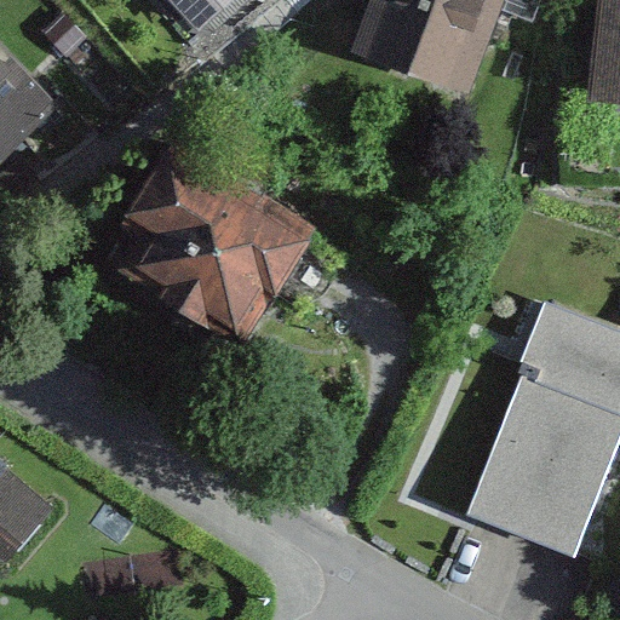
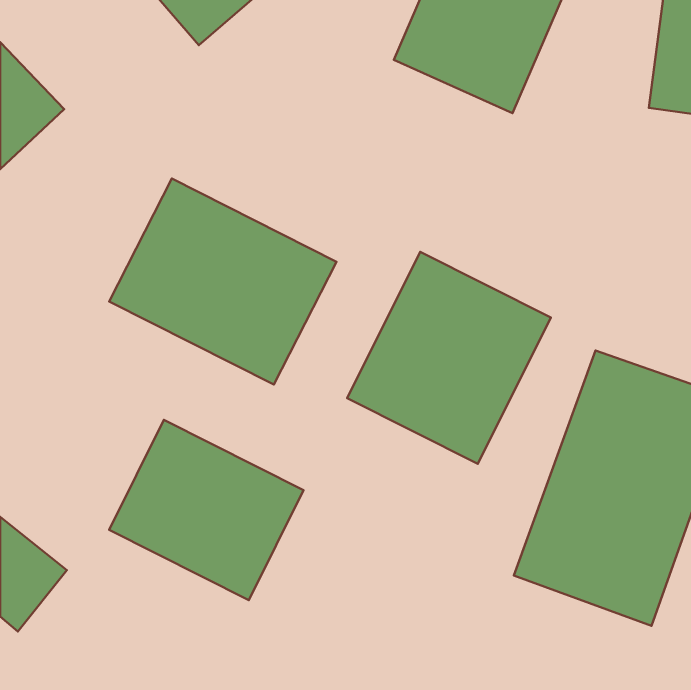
building: none -> [347,252,551,464]
building: none -> [109,420,303,600]

